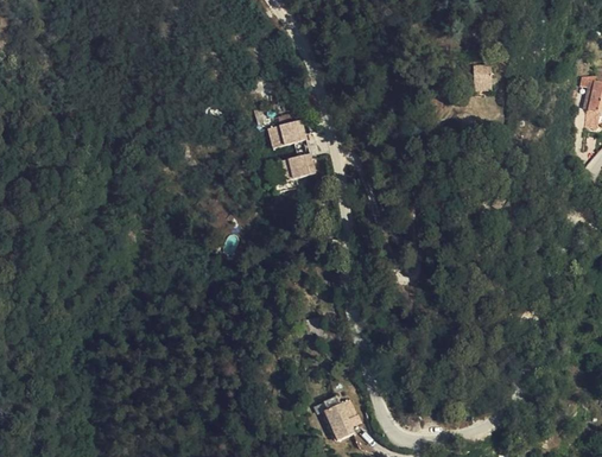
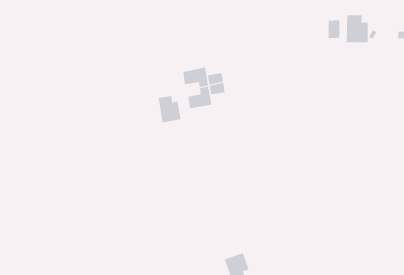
building: none -> [346,14,368,43]
building: none -> [158,95,181,123]

